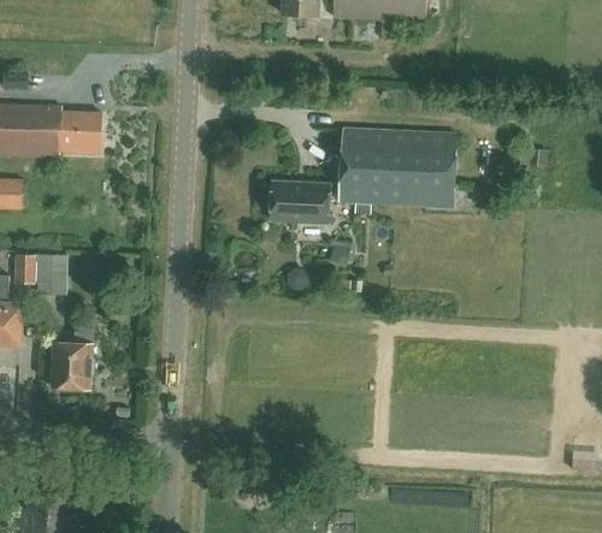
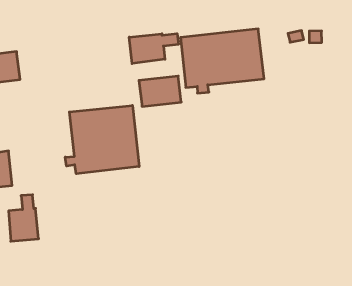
building: none -> [129,34,178,64]
building: none -> [65,105,139,174]

